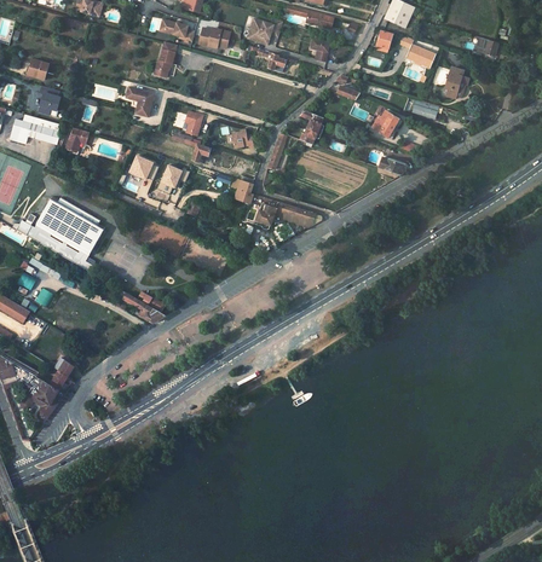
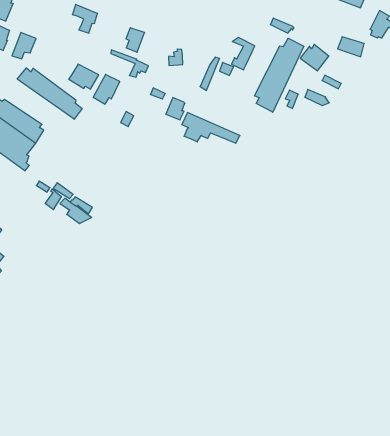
building: none -> [255,38,304,112]
building: none -> [17,68,82,119]

